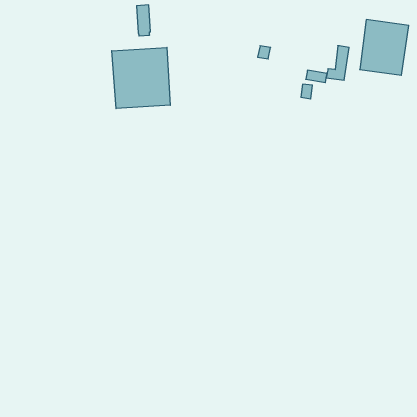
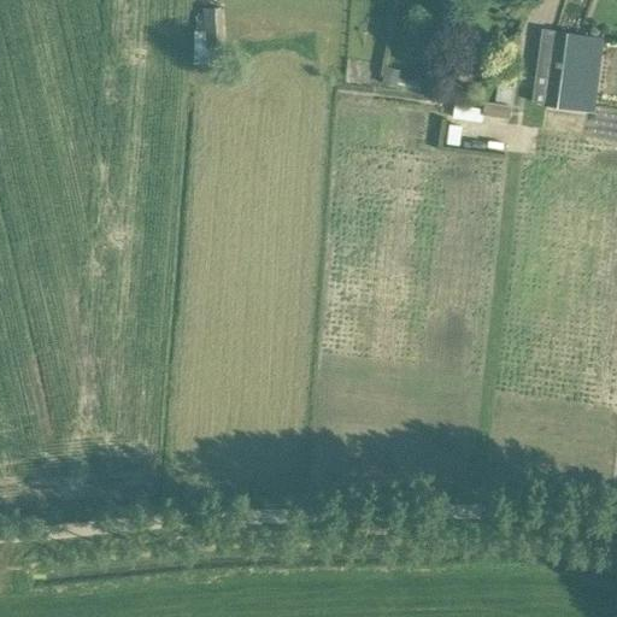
building: [112,47,170,109] -> none

